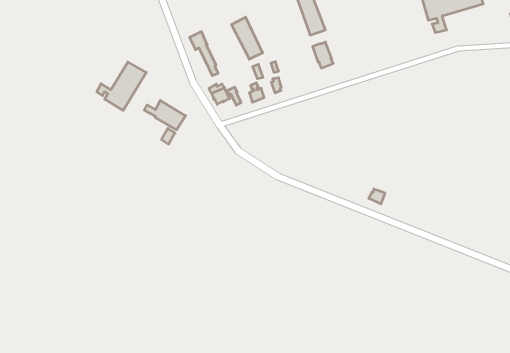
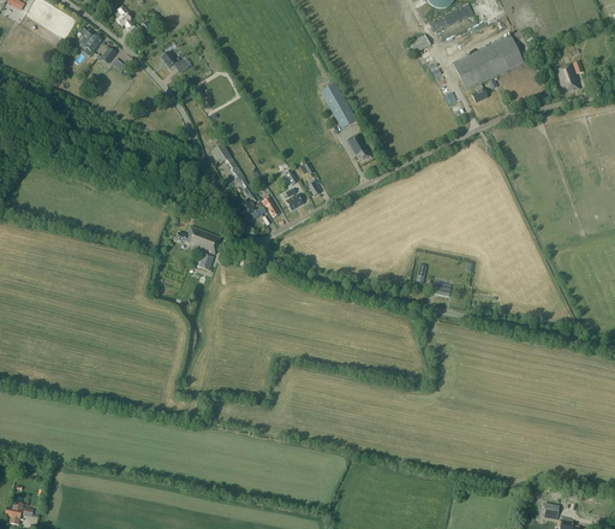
building: [232,17,263,59] -> none
building: [97,62,146,110] -> none

